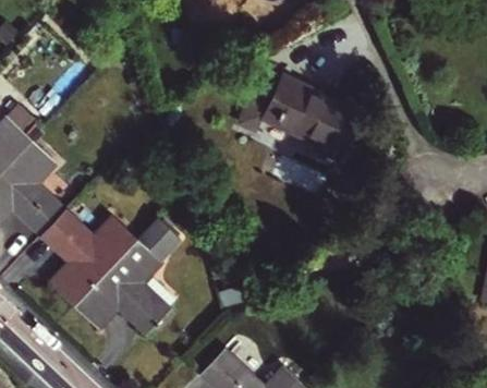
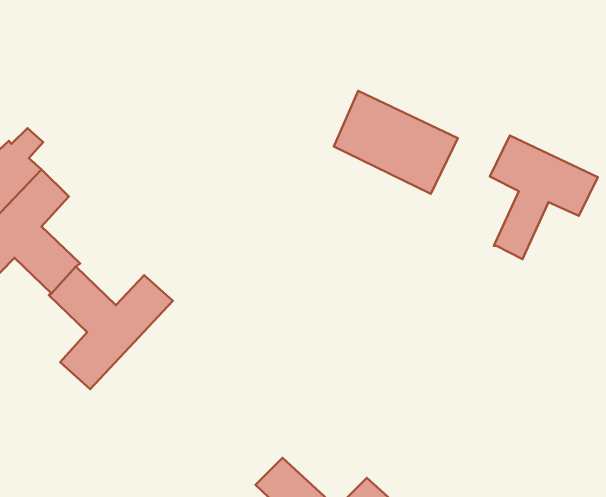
building: none -> [490,136,598,259]
building: [72,216,178,334] -> none

